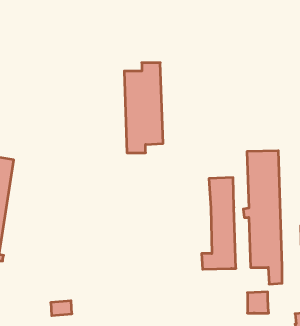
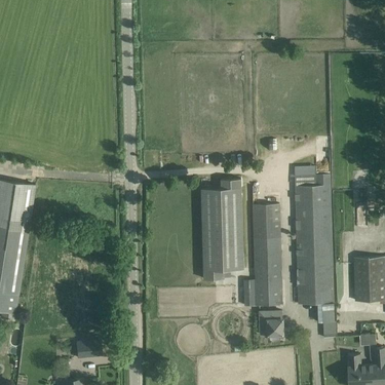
building: [124,63,163,153] -> [200,180,243,279]
building: [247,292,269,313] -> [259,311,282,335]

